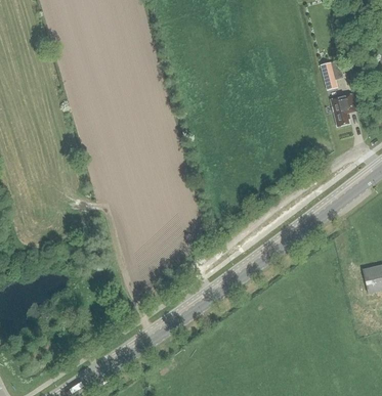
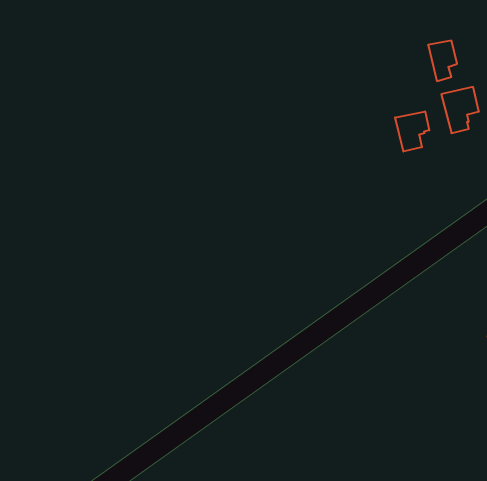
building: none -> [395,111,429,152]

